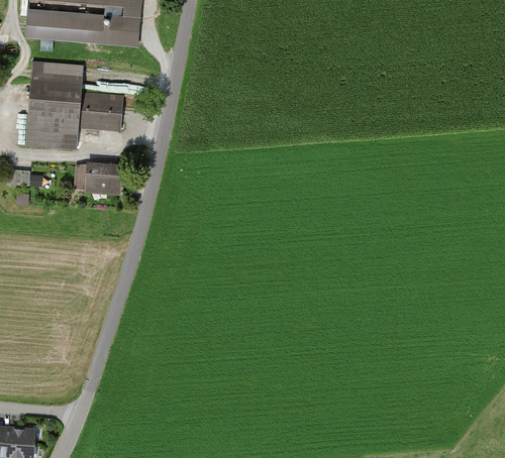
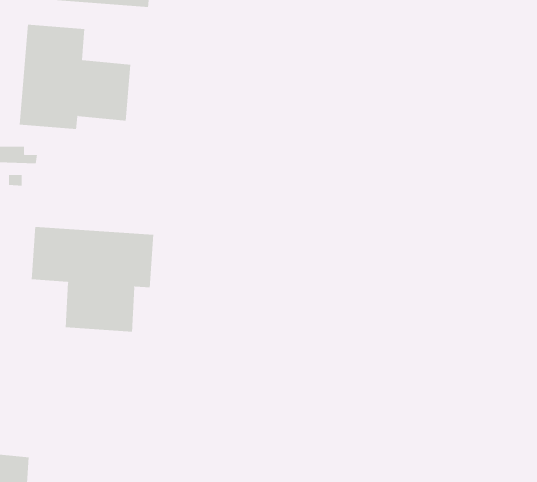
building: [75,162,122,196] -> none
building: none -> [31,226,154,332]

